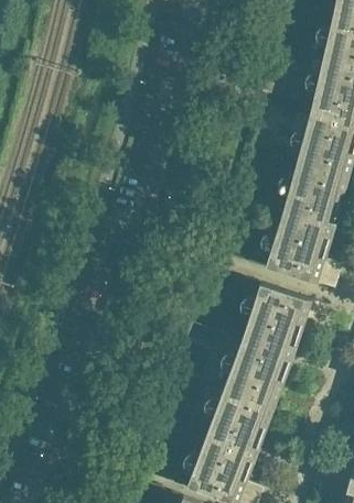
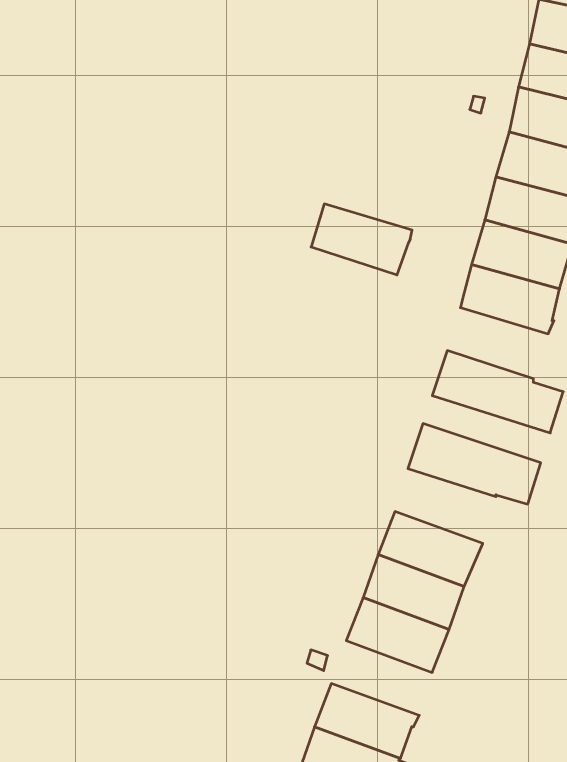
building: [272,214,332,255] -> [311,204,412,275]
building: [242,308,301,352] -> none
building: [204,409,264,453] -> none

